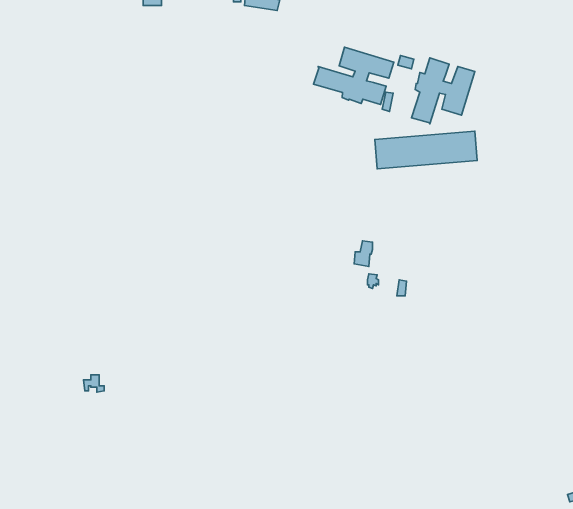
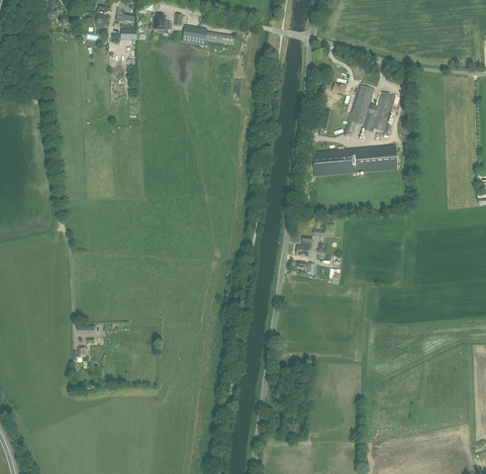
building: [313,47,394,105] -> none

